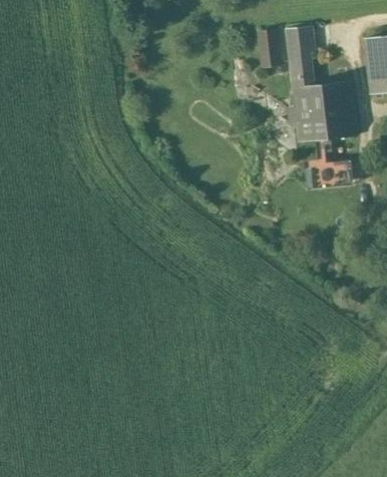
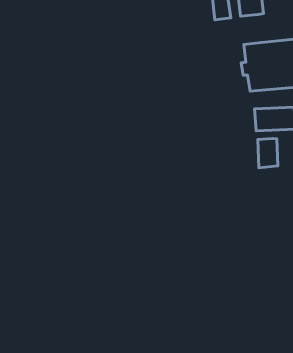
building: [288,54,312,88] -> none
building: none -> [258,139,278,168]

